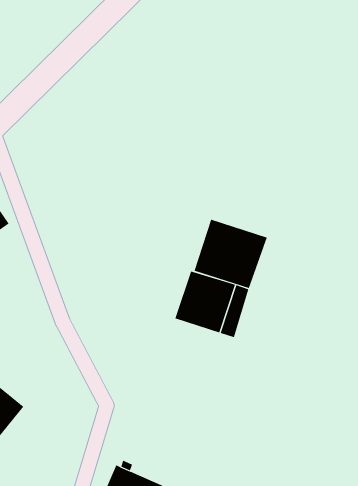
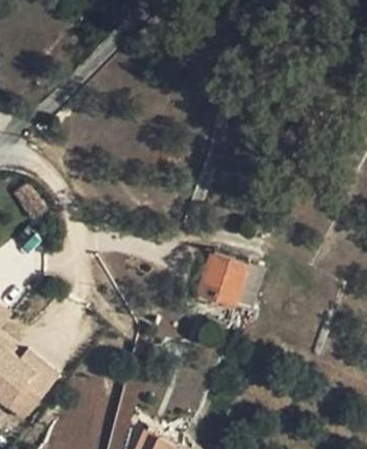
building: [194,219,267,289] -> none

